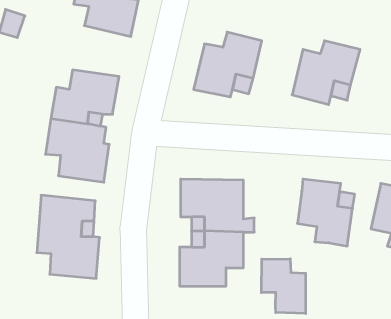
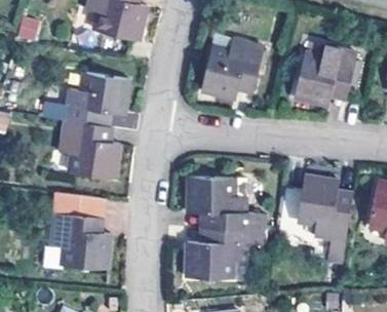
building: [261,259,306,314] -> none

